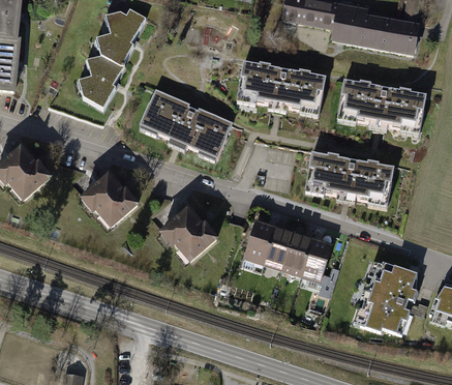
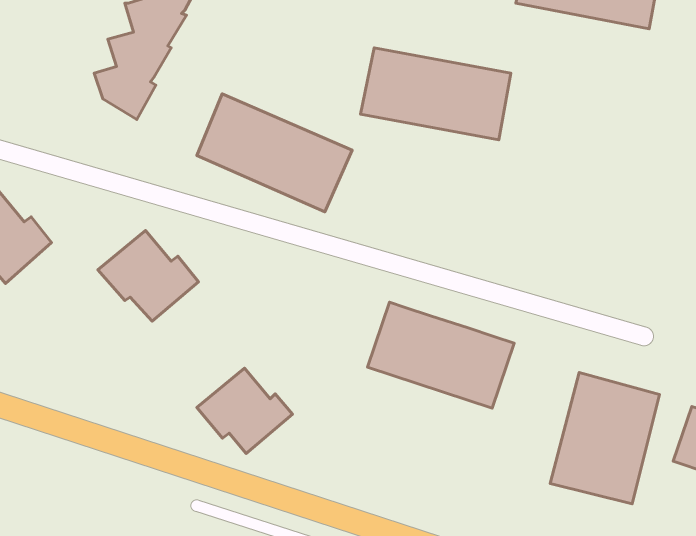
building: [333,79,424,135] -> none
building: [306,154,390,203] -> none
building: [159,209,217,261] -> [197,368,292,454]

